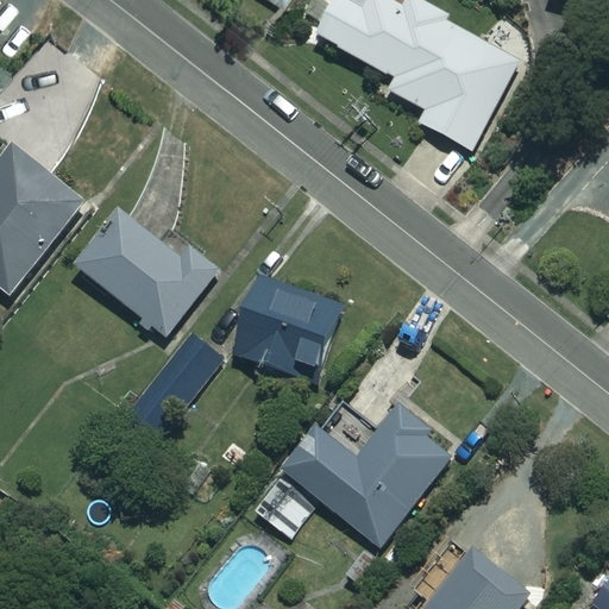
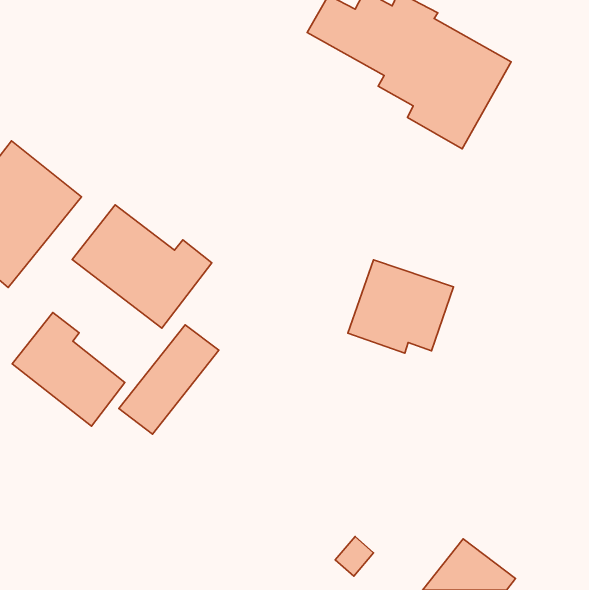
building: [233,277,341,372] -> [348,260,454,353]
building: none -> [12,313,125,426]
building: [250,402,456,545] -> none

